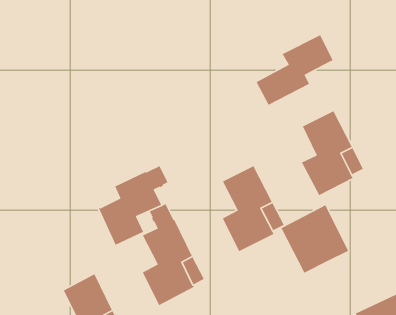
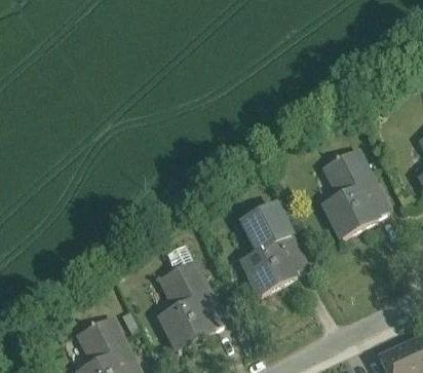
building: [256,34,334,106] -> none
building: [98,165,169,246] -> none
building: [280,204,349,273] -> none

